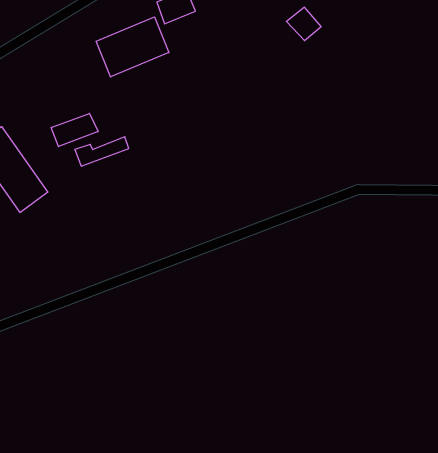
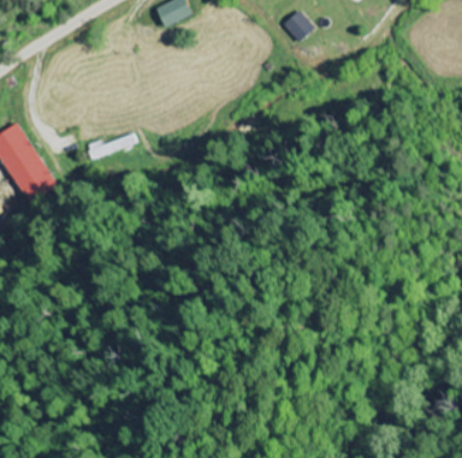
building: [96,17,169,77] -> none
building: [51,113,98,147] -> none

